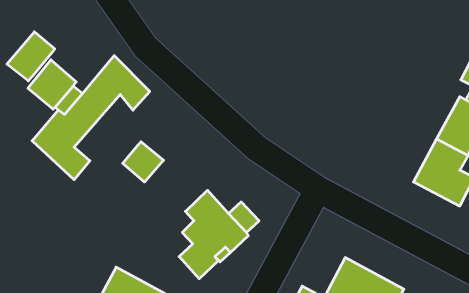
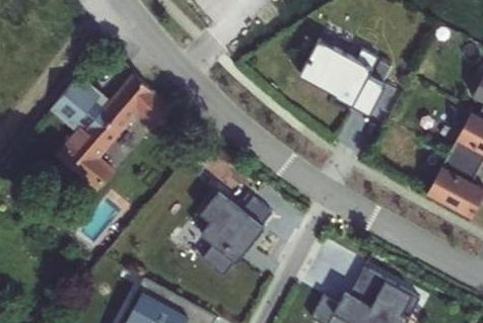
building: none -> [299,47,386,119]
building: [7,32,55,81] -> none
building: [123,142,164,182] -> none

